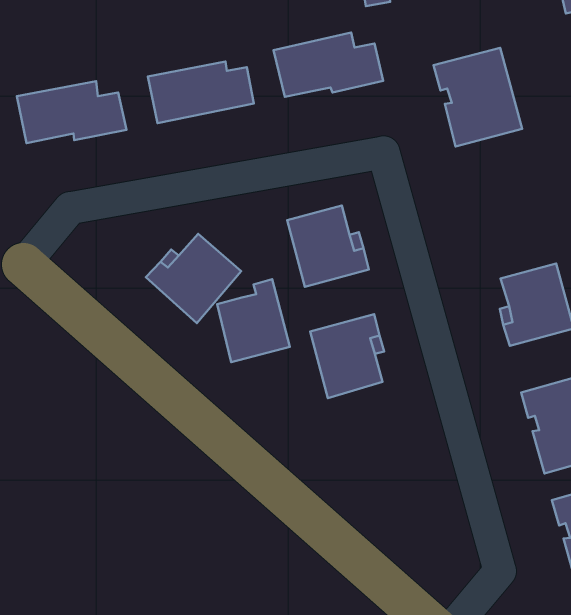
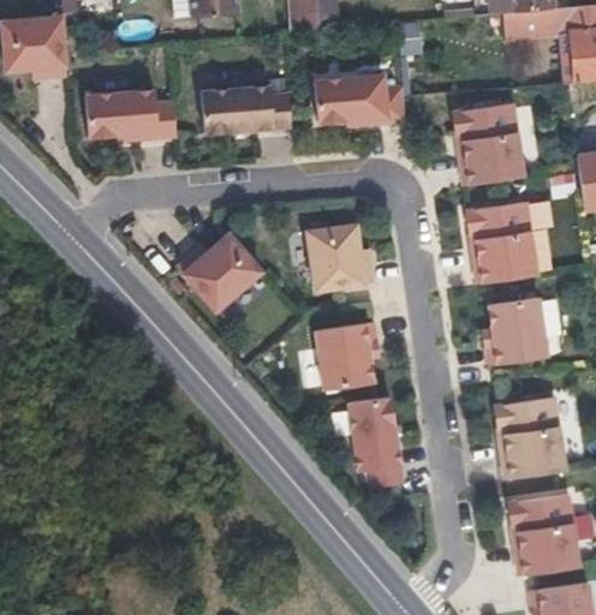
building: none -> [466,202,537,283]
building: [217,279,290,362] -> none
building: none -> [350,398,403,488]

